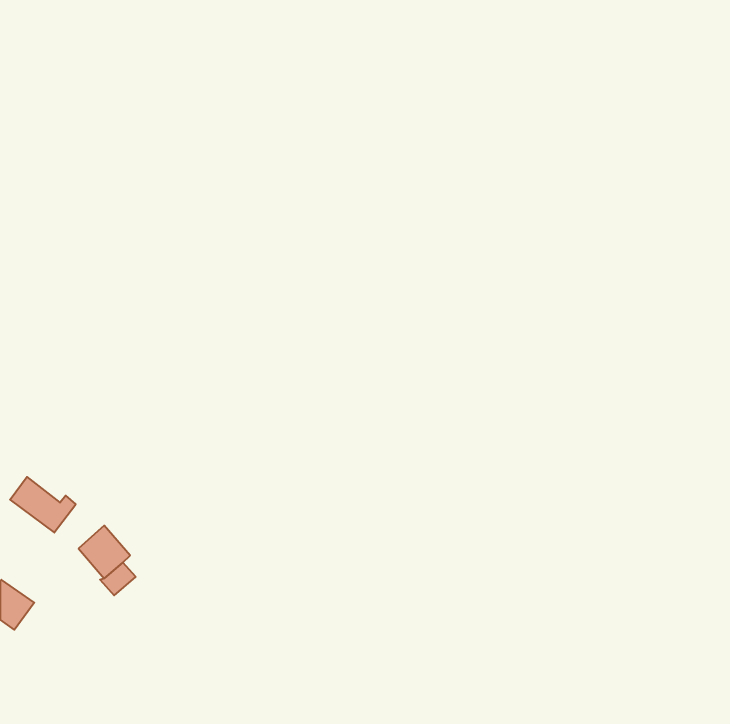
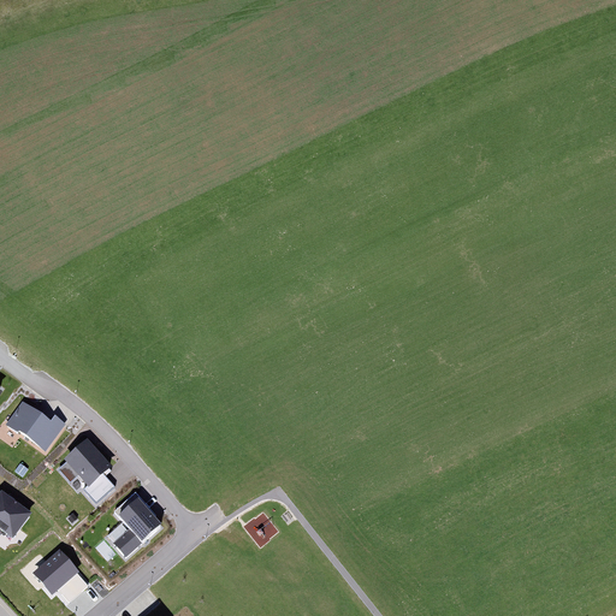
building: none -> [114,500,160,556]
building: none -> [34,551,77,593]

